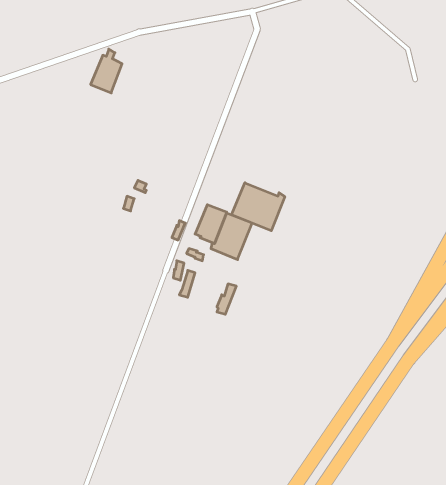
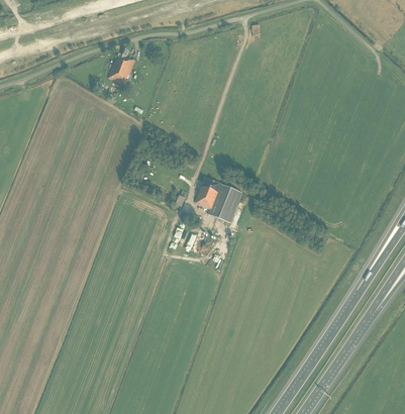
building: [231,183,285,231] -> none

